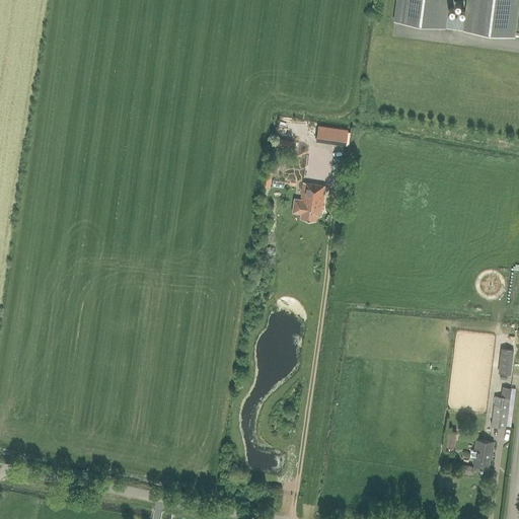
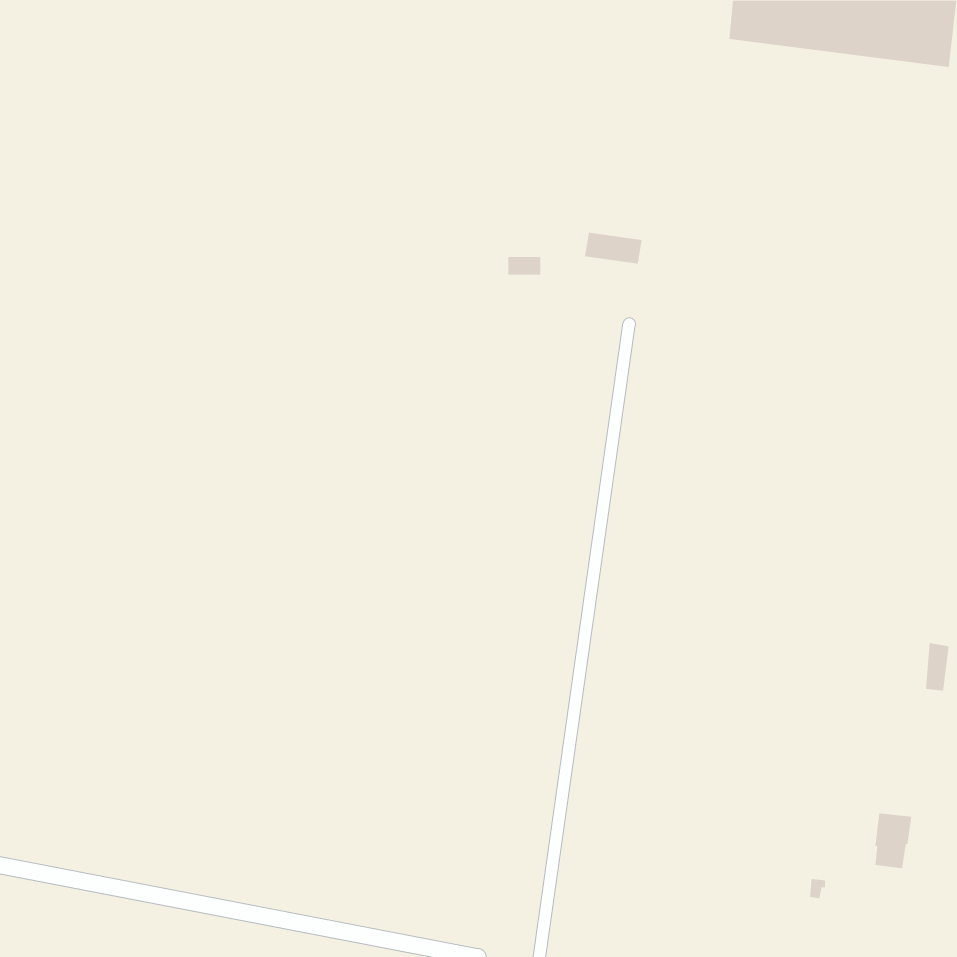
building: [293,182,325,220] -> none
building: [492,396,510,429] -> none

